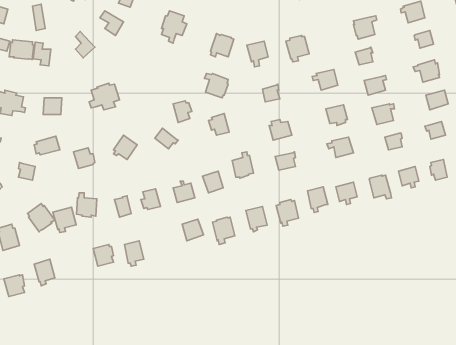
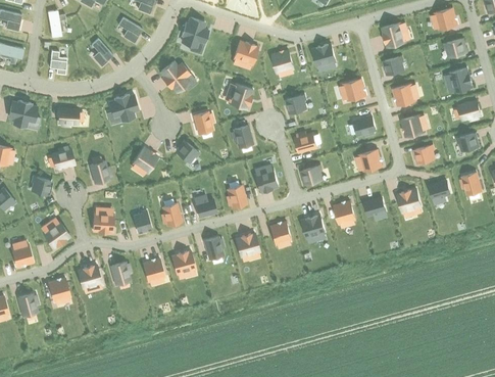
building: [9,40,34,60] -> none
building: none -> [159,60,191,91]
building: [53,207,76,233] -> [78,266,102,292]
building: none -> [171,250,195,279]

